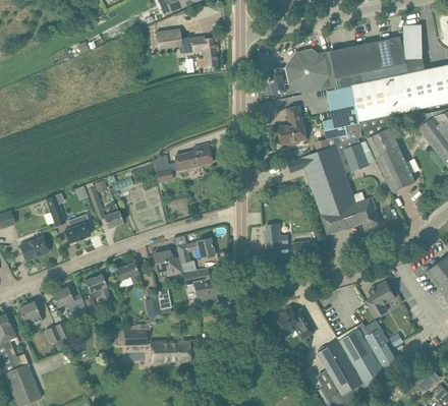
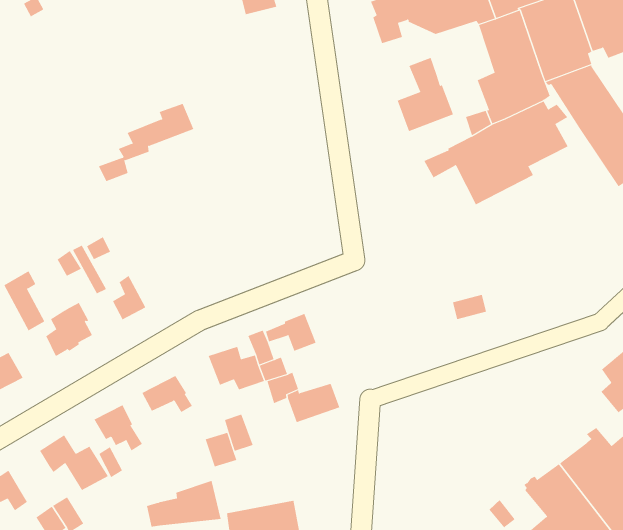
building: [156,143,212,181] -> [98,103,194,182]
building: [313,178,381,234] -> none
building: [266,224,288,247] -> none
building: [276,308,314,339] -> none

